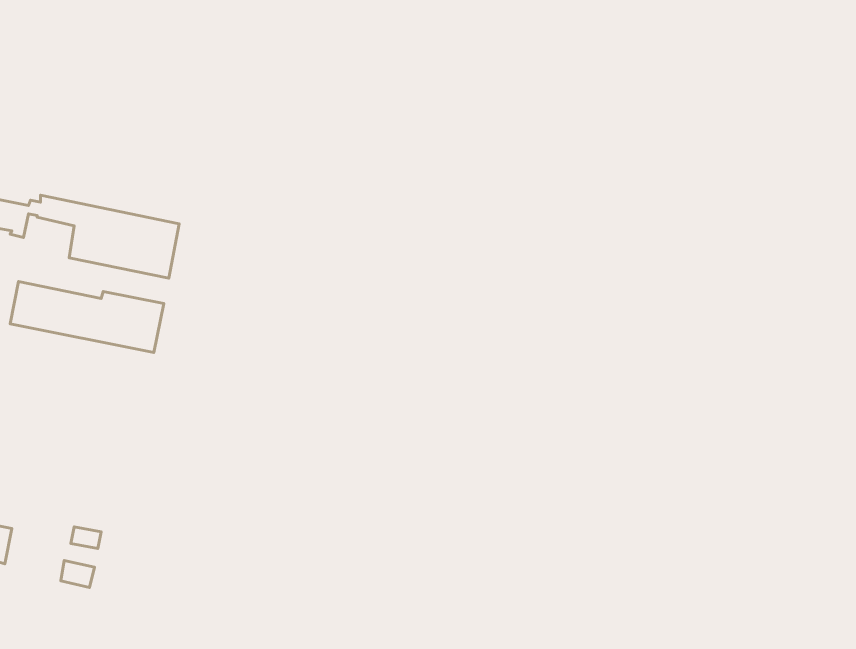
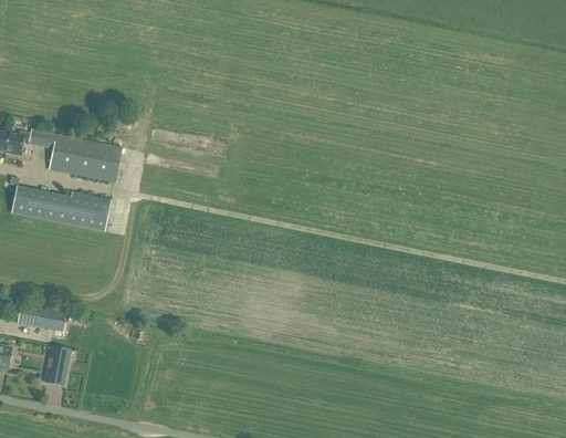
building: none -> [15,304,64,331]

